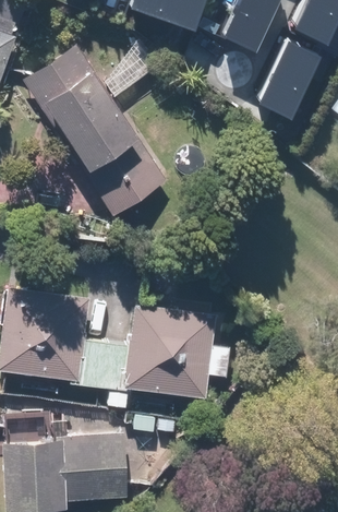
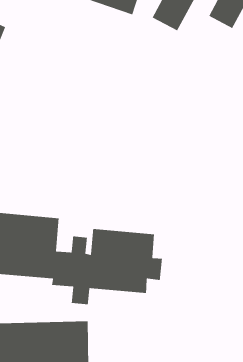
building: [248,37,312,116] -> none
building: [21,41,167,219] -> none

